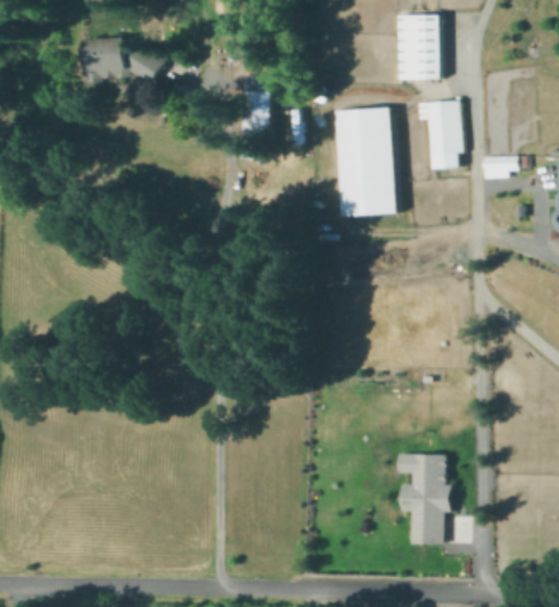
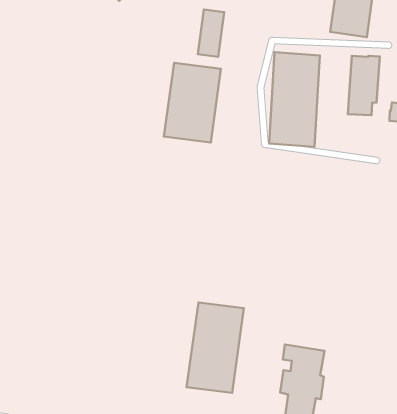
building: none -> [164,63,221,143]
building: none -> [187,302,244,393]

